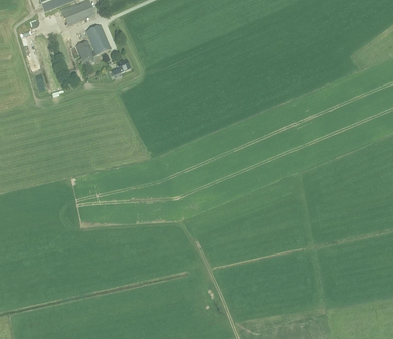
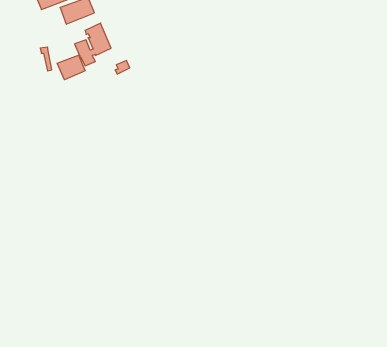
building: none -> [57,55,85,80]

